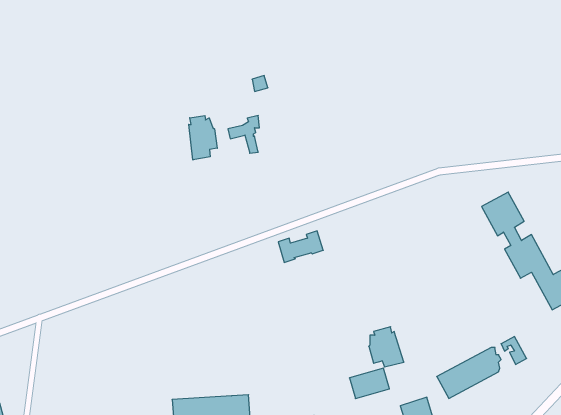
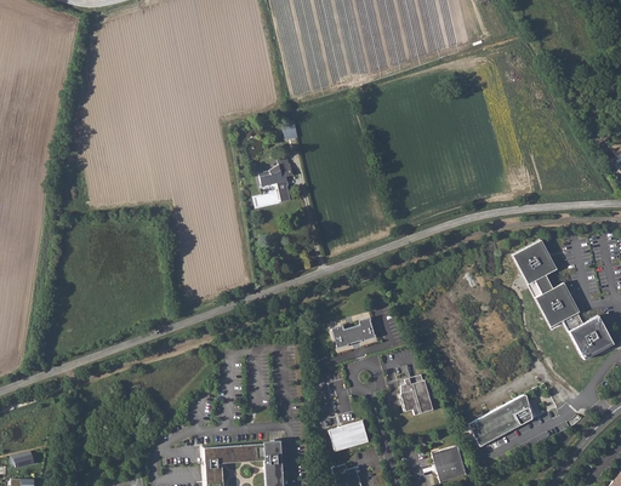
building: [189,116,217,160] -> none
building: [278,231,323,262] -> [331,316,376,348]
building: [349,368,389,399] -> [329,421,369,451]

